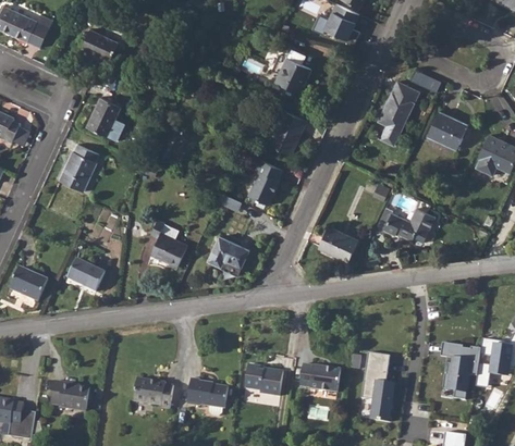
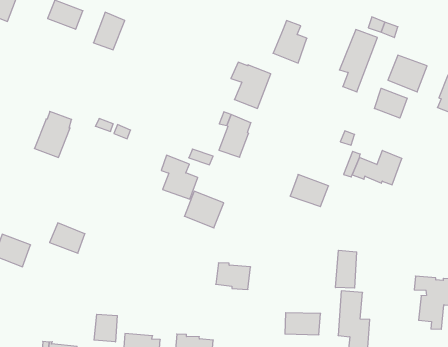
building: [275,49,311,94] -> [273,21,307,63]
building: [87,97,121,136] -> [93,12,125,50]
building: none -> [374,88,407,118]
building: [150,220,187,267] -> [161,155,198,199]
building: none -> [336,250,357,288]
building: none -> [94,314,117,342]
building: [246,367,283,396] -> [216,263,251,289]

